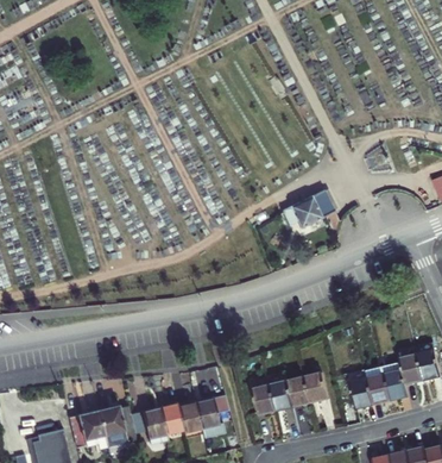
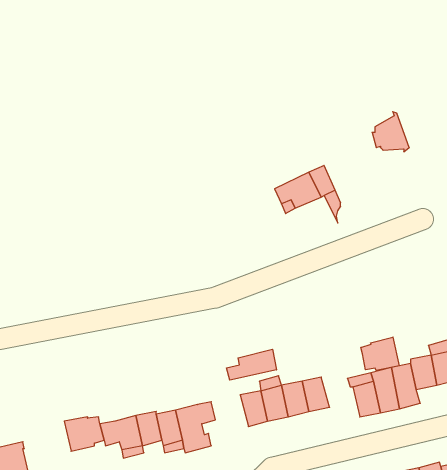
building: none -> [361,337,399,371]
building: none -> [227,349,276,380]
building: [71,411,106,443] -> none

